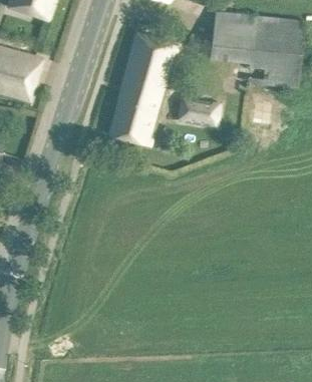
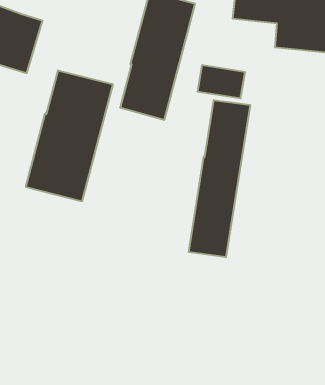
building: none -> [26,70,113,201]
building: none -> [189,100,250,257]

